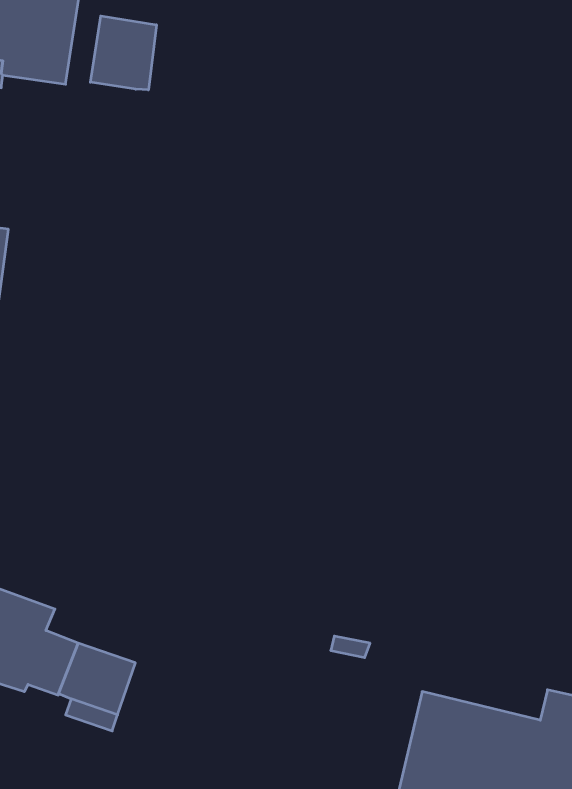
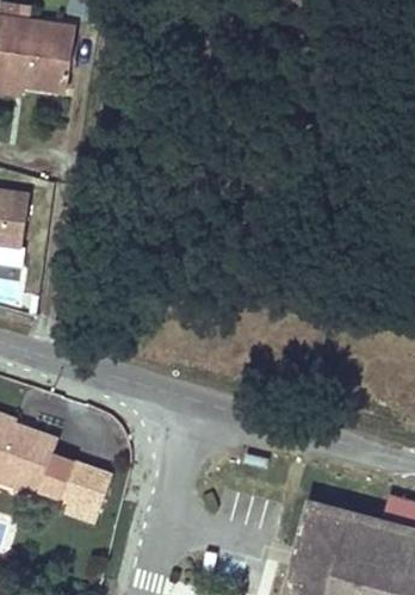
building: [90,16,156,90] -> none

